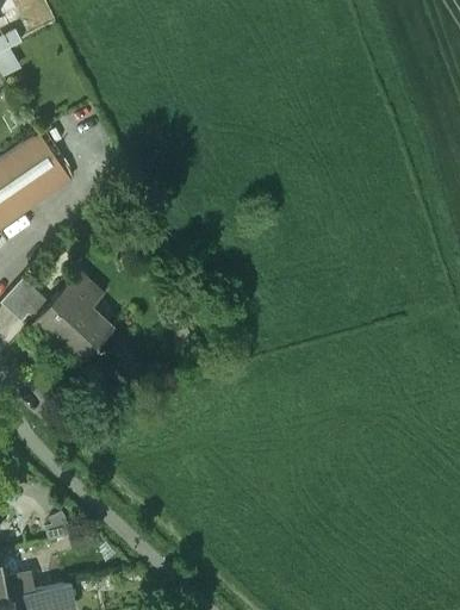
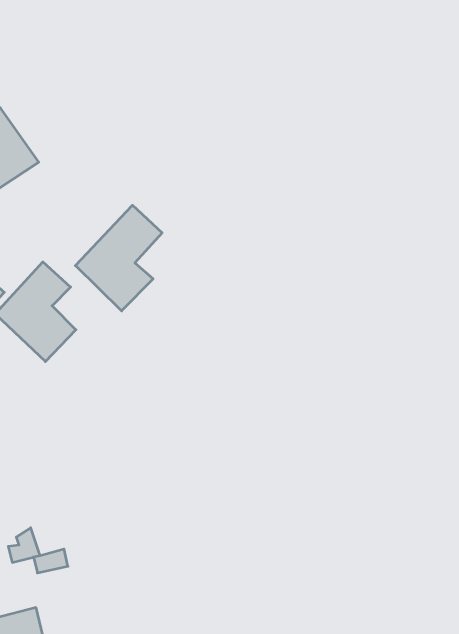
building: none -> [75,205,162,311]

